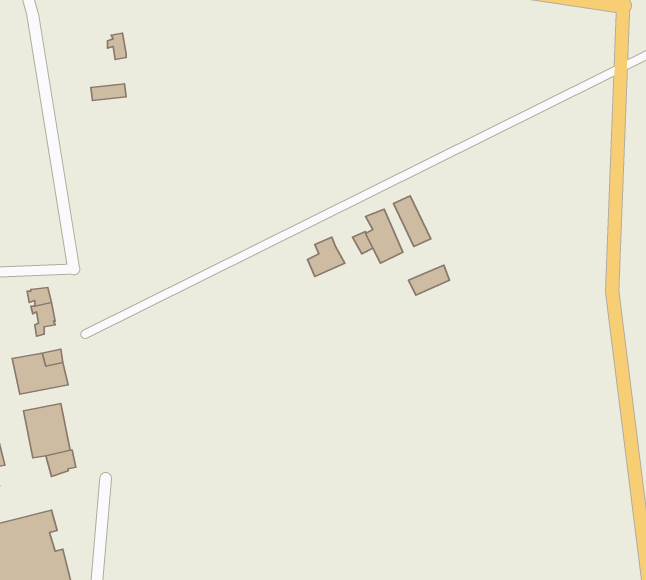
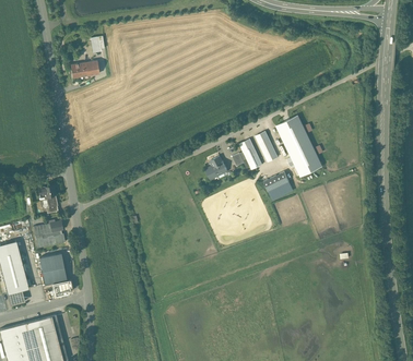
building: none -> [276,115,322,177]

